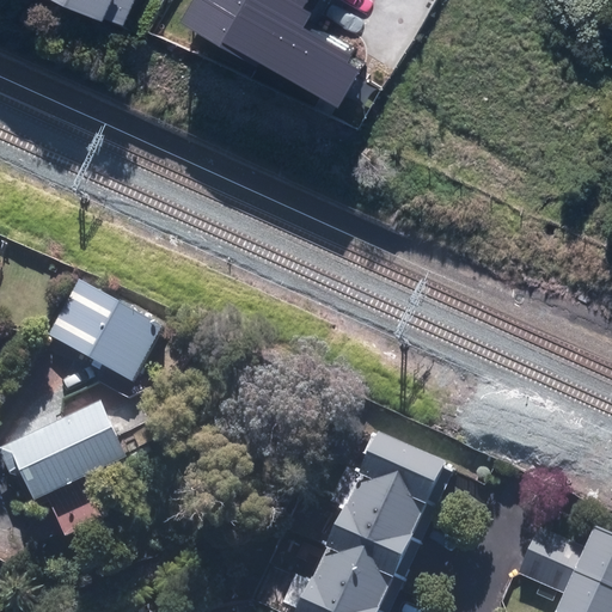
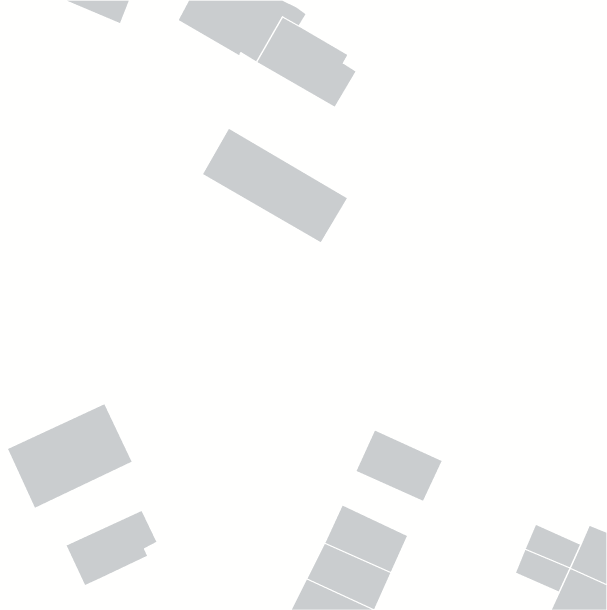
building: none -> [202,128,348,243]
building: [55,283,171,382] -> none
building: [343,472,424,537] -> none
building: none -> [66,510,157,586]

